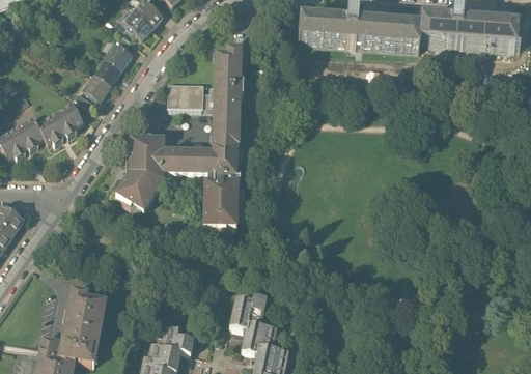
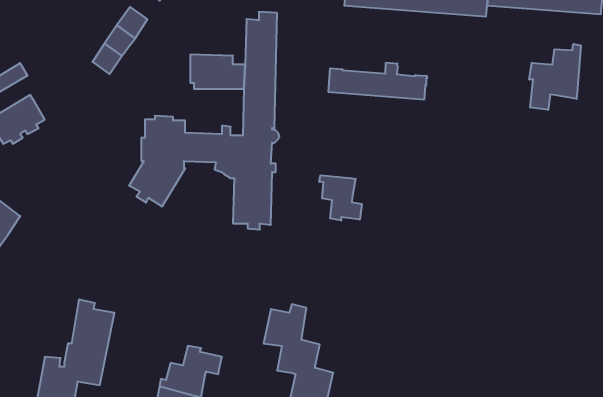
building: none -> [529,44,581,110]
building: none -> [329,63,427,100]
building: [36,100,84,143] -> none
building: none -> [319,175,362,221]

